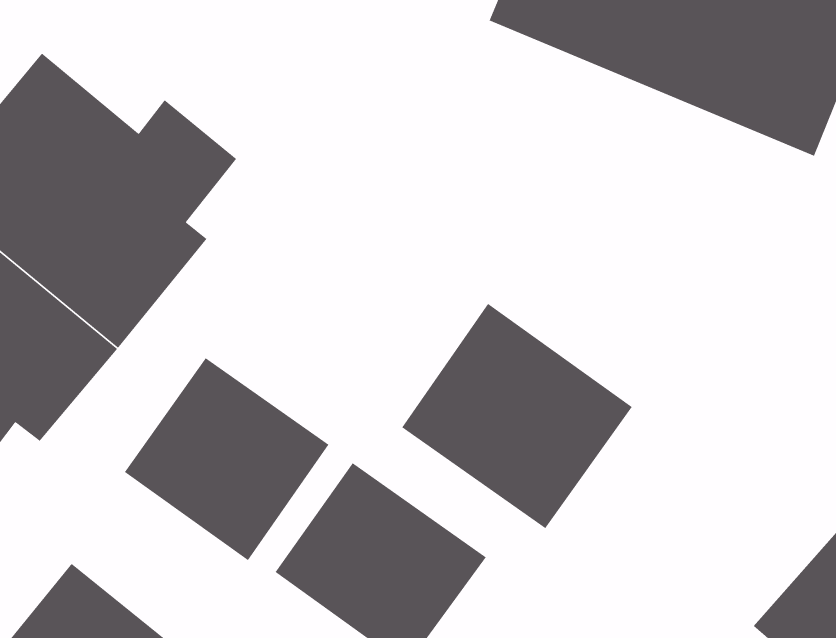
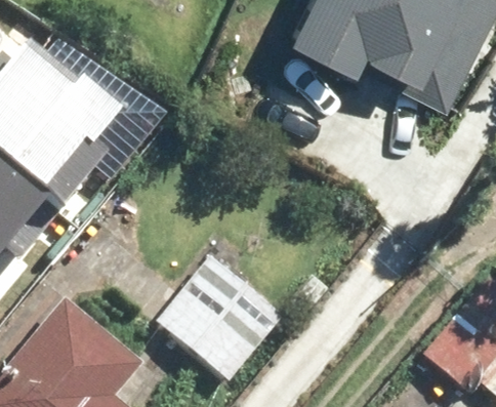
building: [401,303,633,529] -> none
building: [124,357,329,561] -> none

